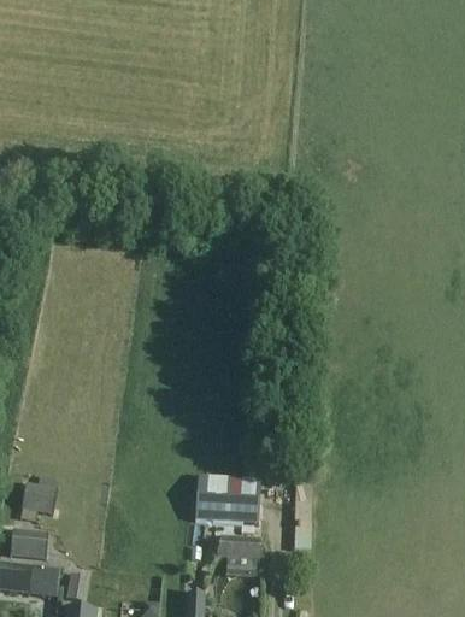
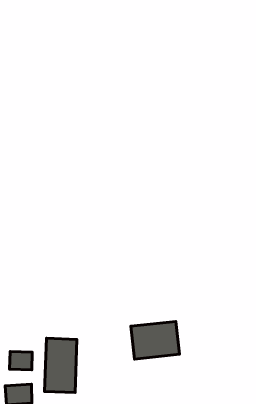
building: none -> [45,338,77,393]
building: [219,539,263,562] -> none

